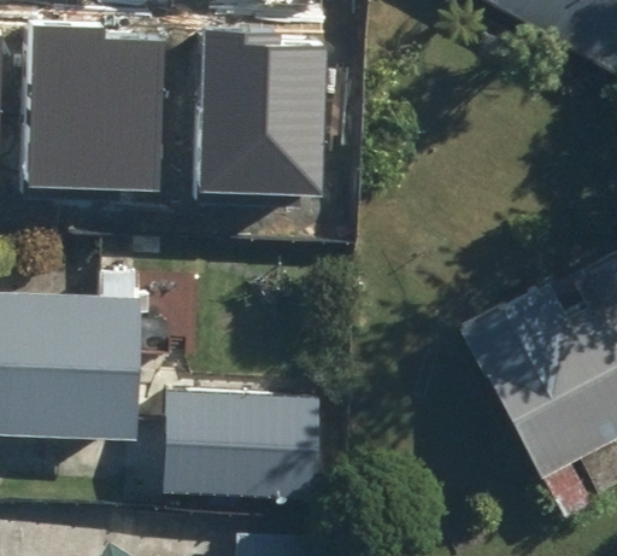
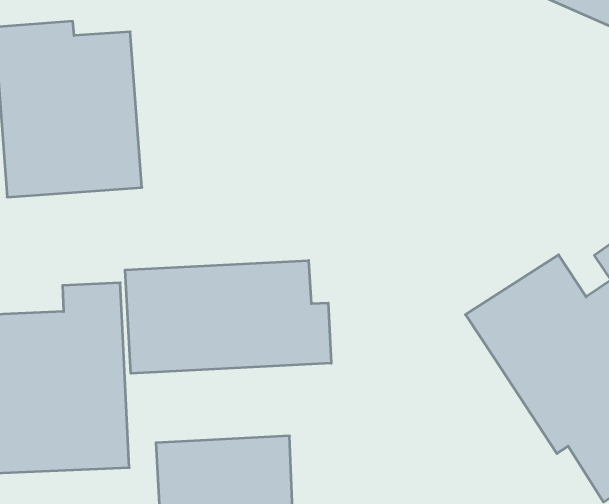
building: [201,33,329,193] -> none
building: none -> [125,260,331,373]

